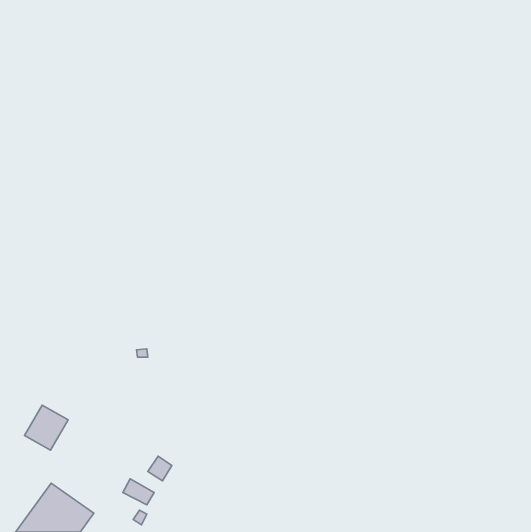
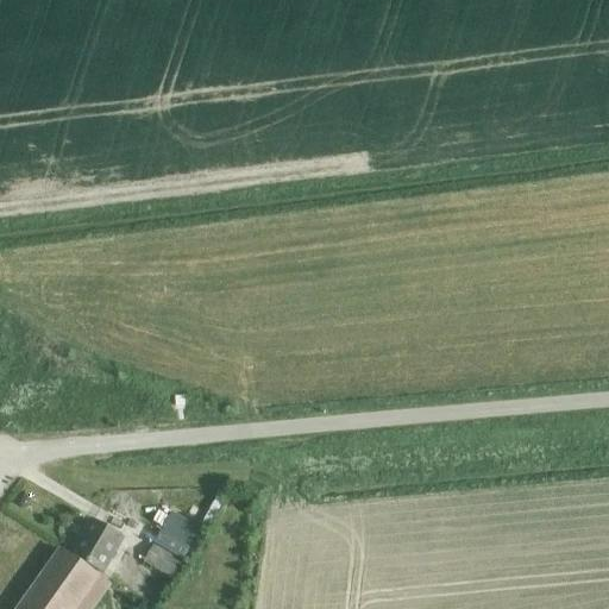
building: [25,405,68,450] -> [70,522,120,573]

